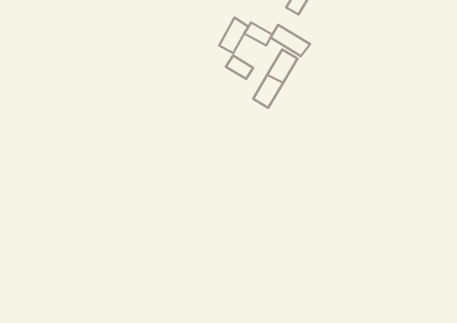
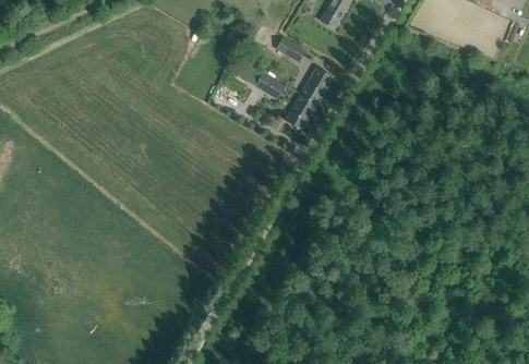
building: [219,17,248,53] -> none
building: [271,25,310,56] -> none

